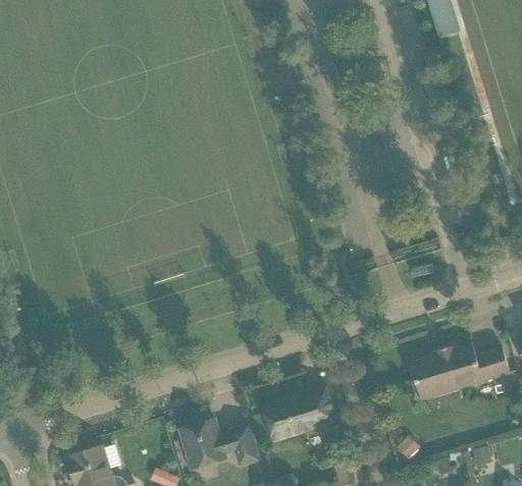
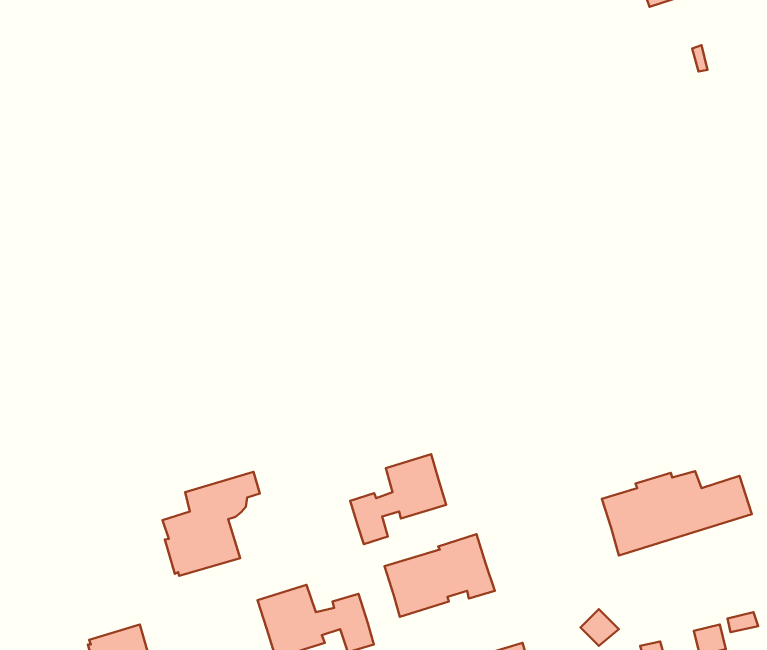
building: none -> [350,454,446,544]
building: none -> [162,472,260,576]

